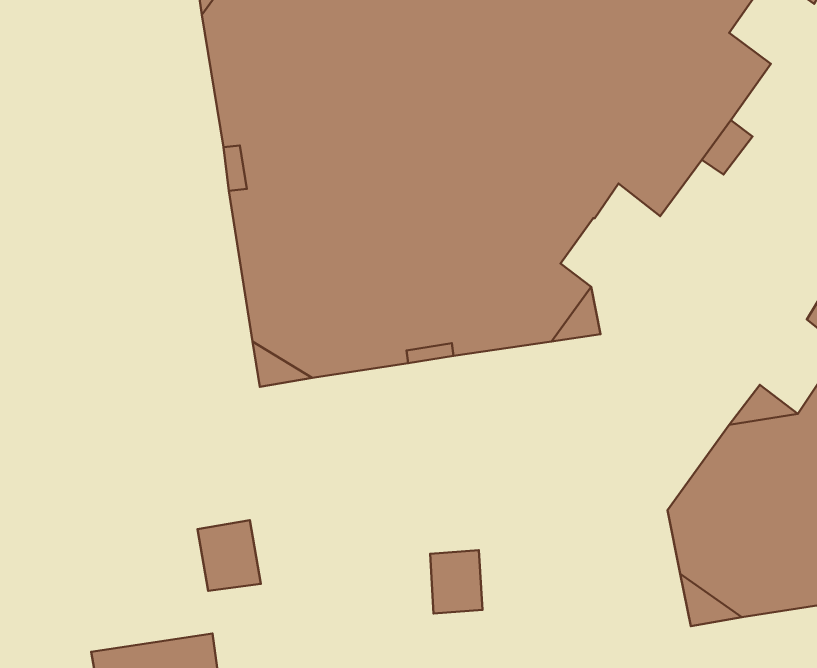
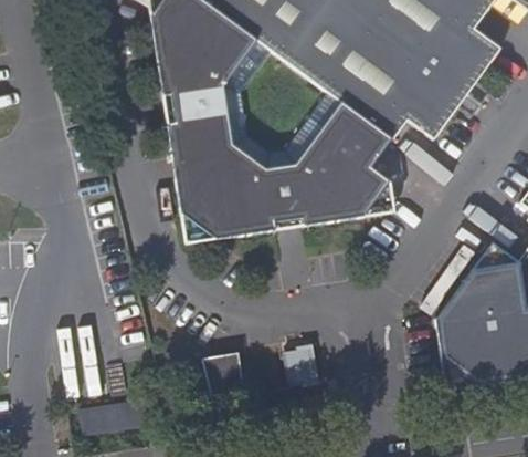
building: [197,520,261,591] -> [207,351,245,394]

